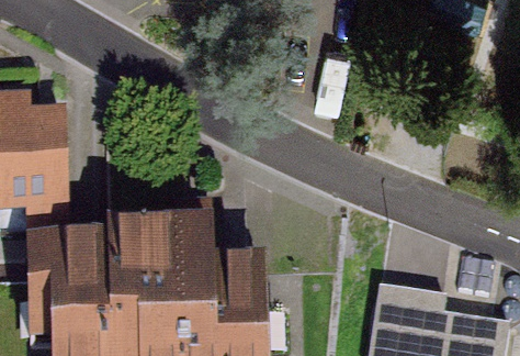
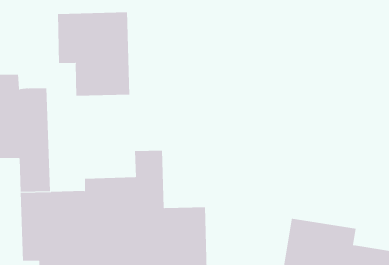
building: none -> [58,12,130,97]

